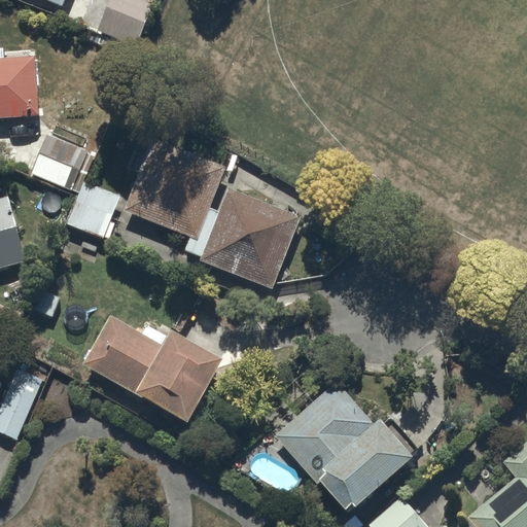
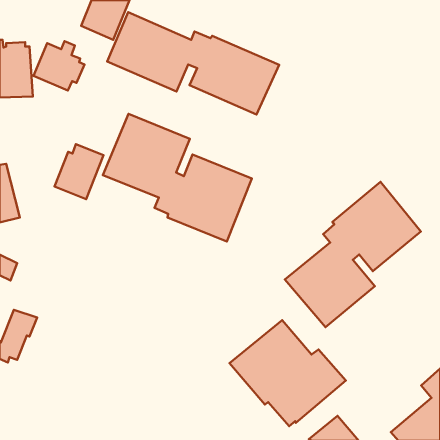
building: none -> [107,12,279,114]
building: [30,132,91,190] -> [33,41,84,91]
building: none -> [285,182,421,327]
building: [82,315,224,423] -> none

